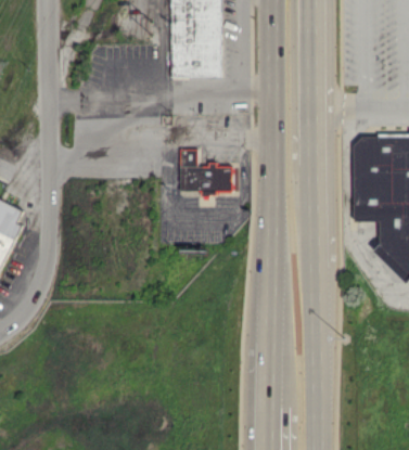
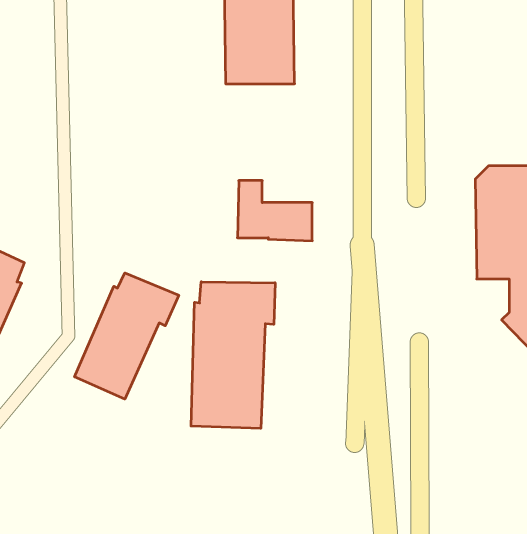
building: none -> [75,273,179,399]
building: none -> [191,282,275,428]

